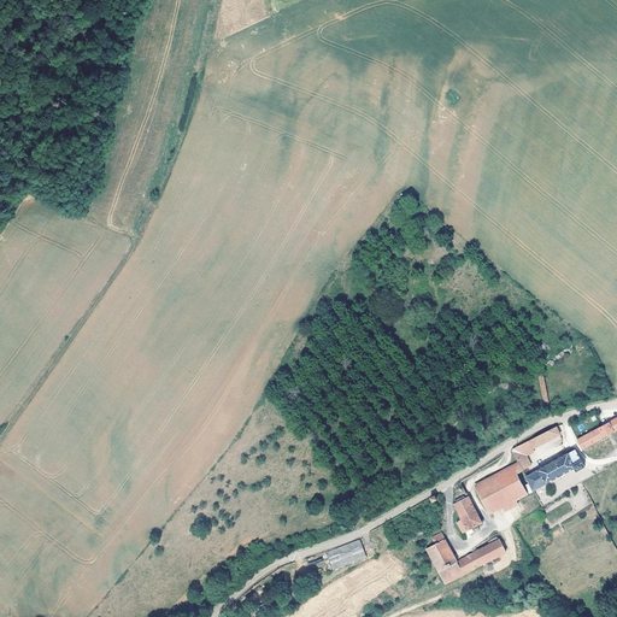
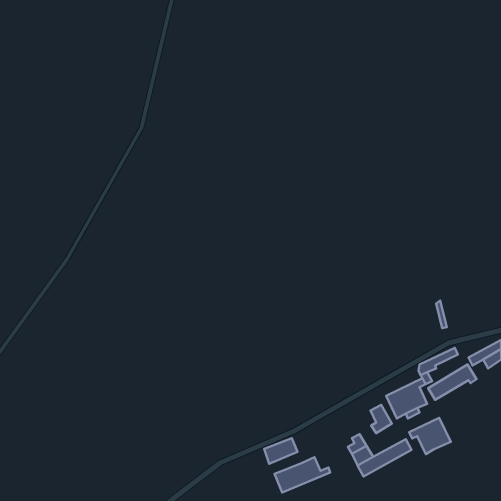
building: none -> [409,418,451,454]
building: none -> [274,457,330,492]

